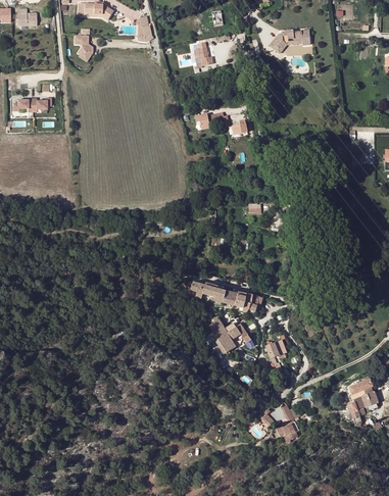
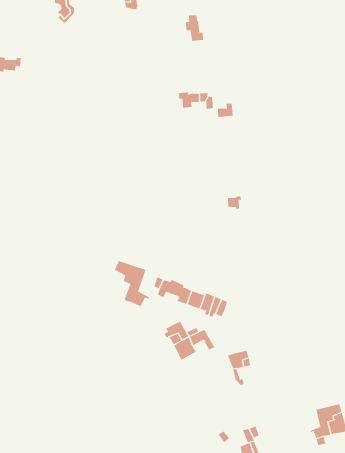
building: [269,29,310,53] -> none
building: none -> [114,260,149,307]

